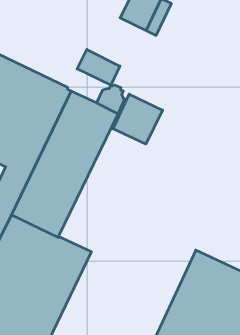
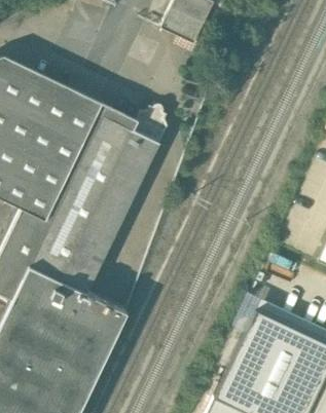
building: [77,49,120,85] -> none
building: [113,94,163,144] -> none

